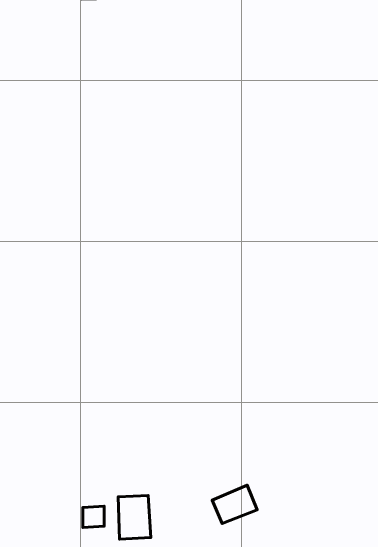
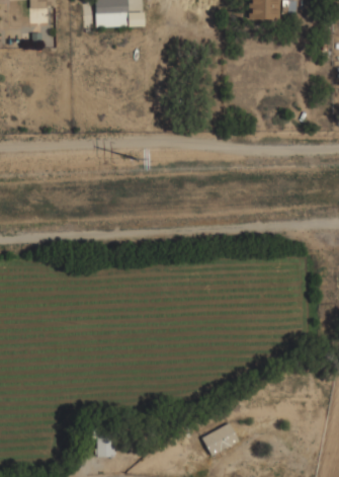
building: [118,496,151,539] -> none

